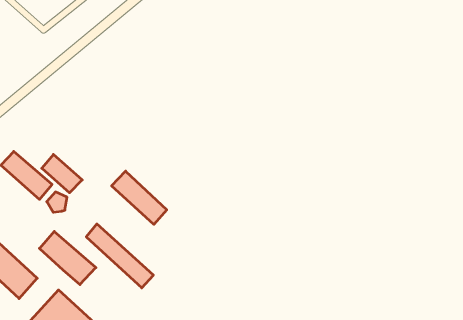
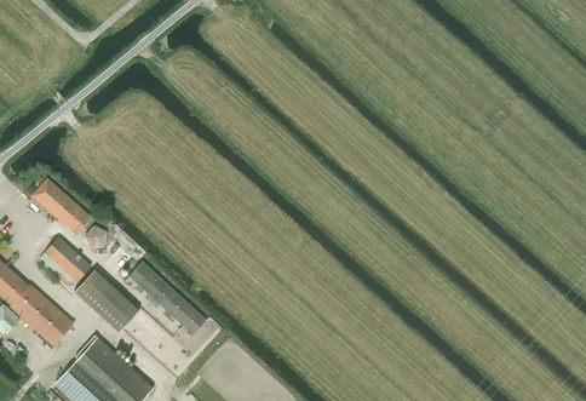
building: [42,154,82,193] -> [45,237,91,281]
building: [112,171,167,224] -> none

